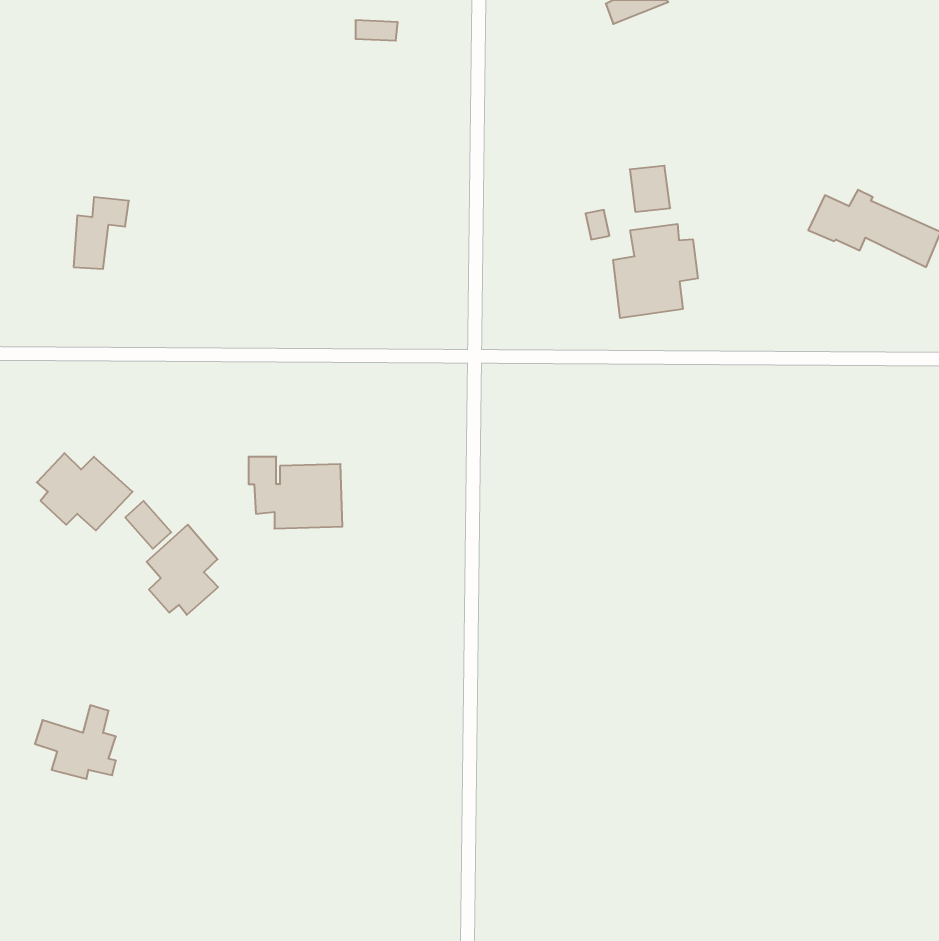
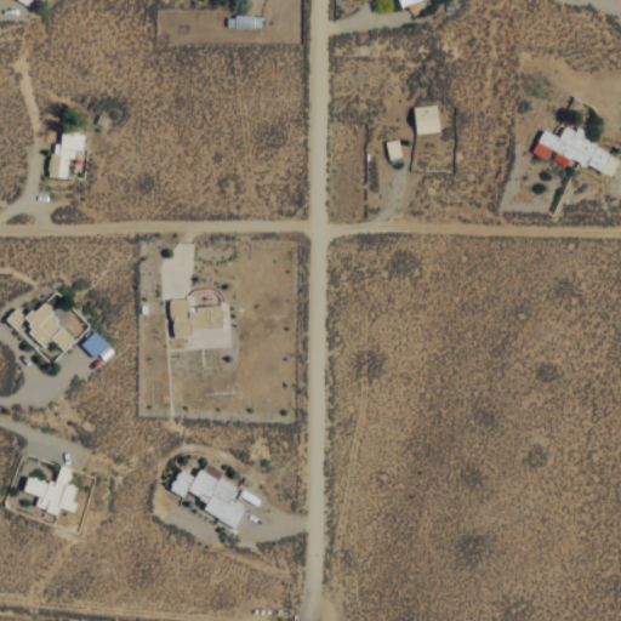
building: [613,224,698,318] -> none
building: [147,525,218,615] -> none
building: none -> [165,468,244,531]

